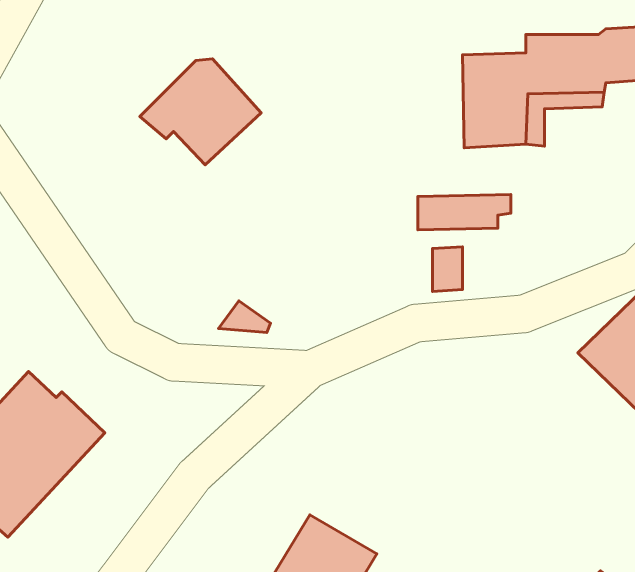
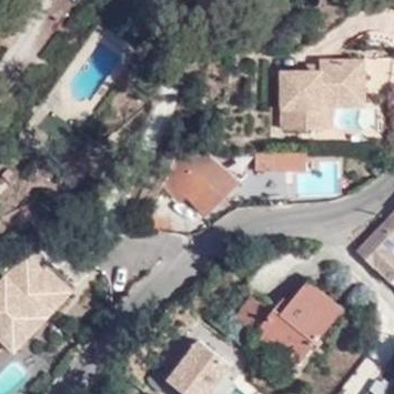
building: [140,59,261,165] -> [162,153,234,216]
building: none -> [232,281,343,370]

